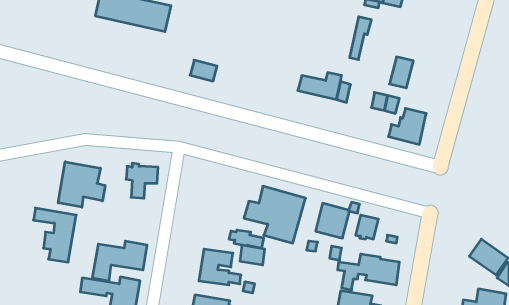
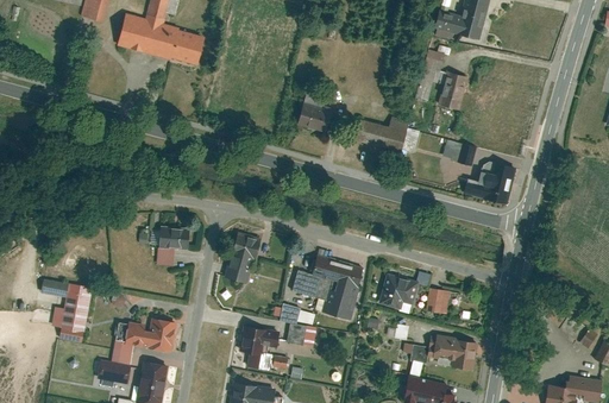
building: [389,57,413,88] -> [438,71,466,108]
building: [190,60,217,81] -> [299,106,331,131]
building: [58,162,105,207] -> none
building: none -> [224,232,259,283]

